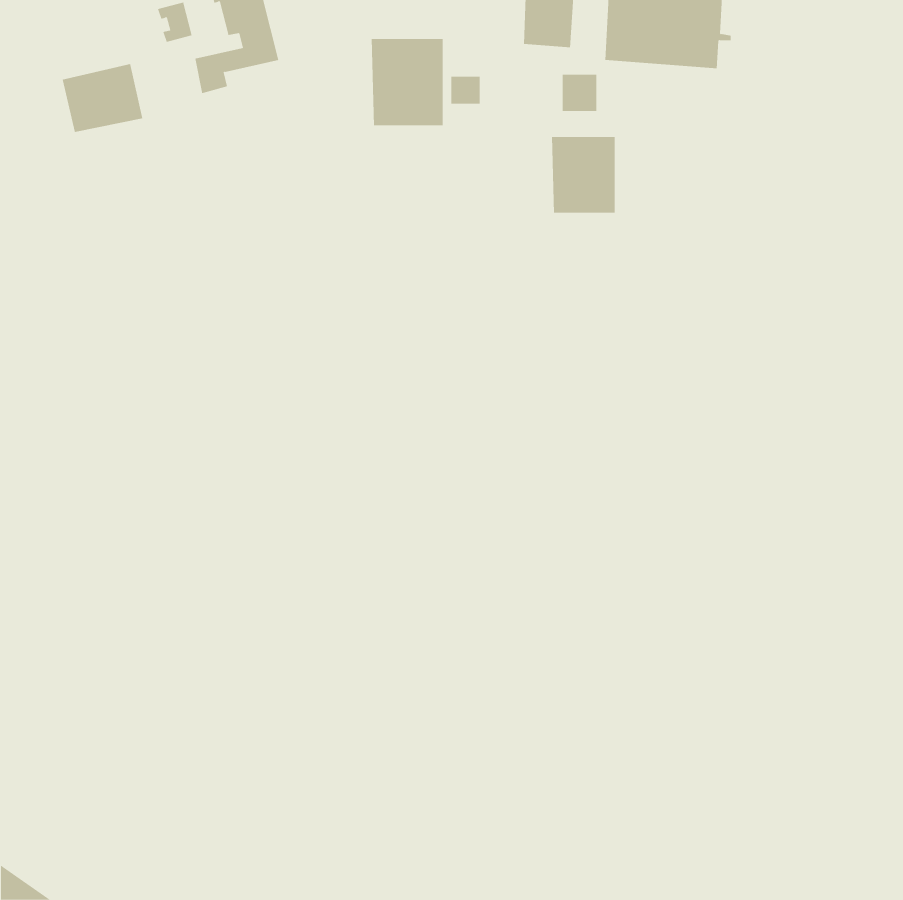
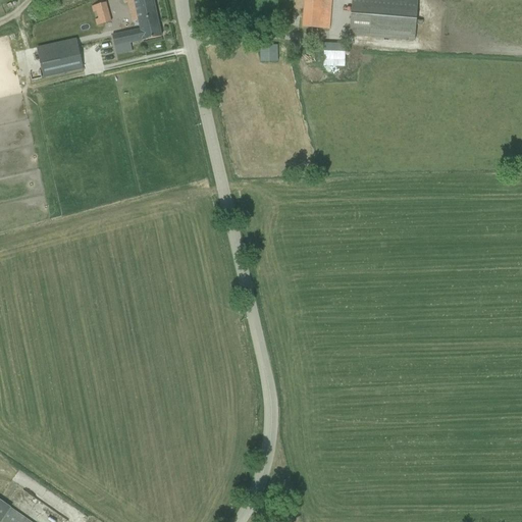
building: [371,38,443,126] -> none
building: [551,136,615,214] -> none

